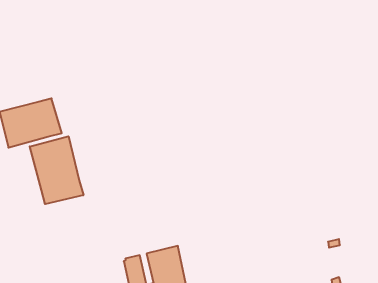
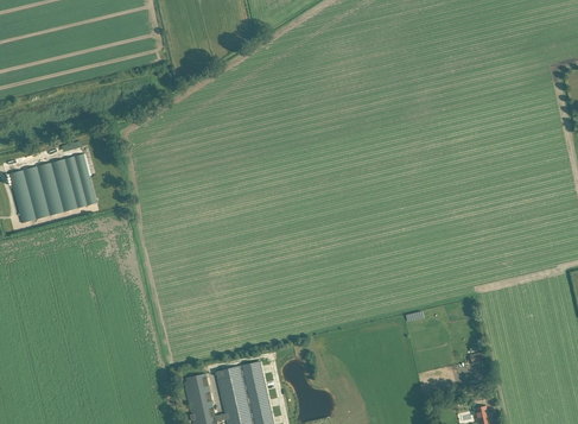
building: [30,136,83,204] -> none

